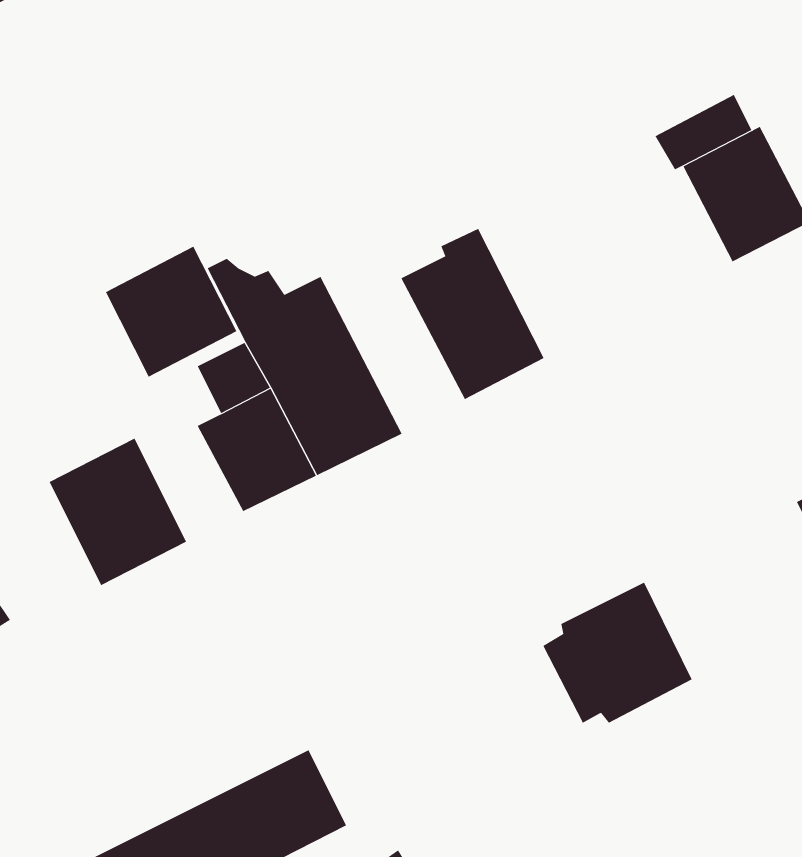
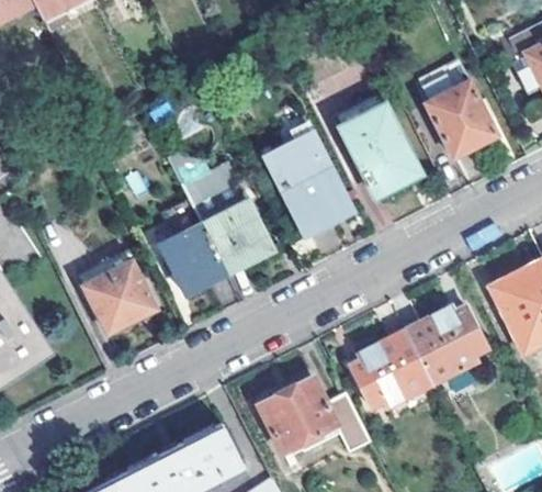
building: none -> [341,107,419,197]
building: [105,246,237,377] -> none
building: none -> [405,308,486,385]
building: none -> [258,377,368,454]

